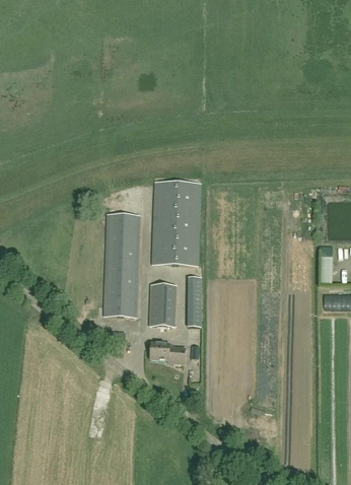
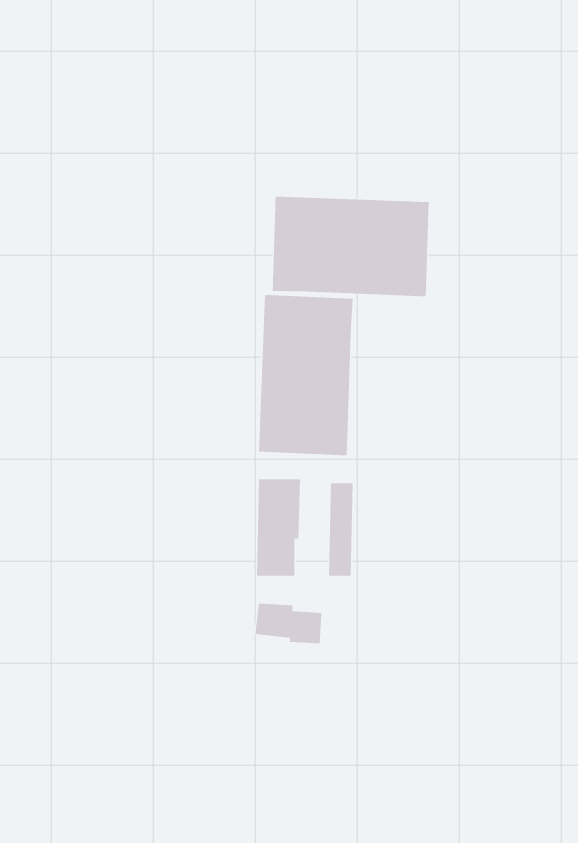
building: none -> [272,196,429,297]
building: [103,213,140,316] -> none

